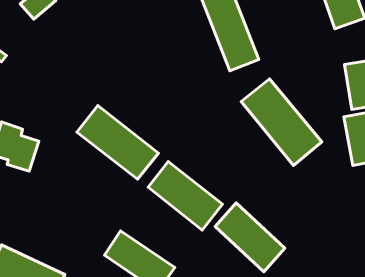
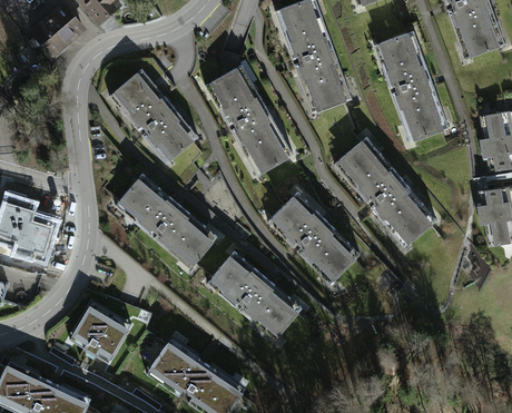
building: none -> [373,30,449,144]
building: none -> [203,62,294,178]
building: none -> [109,68,201,168]
building: none -> [67,302,134,367]
building: [215,203,285,272] -> [267,187,363,282]

